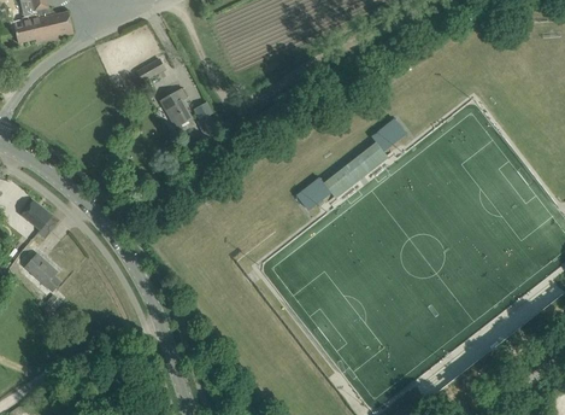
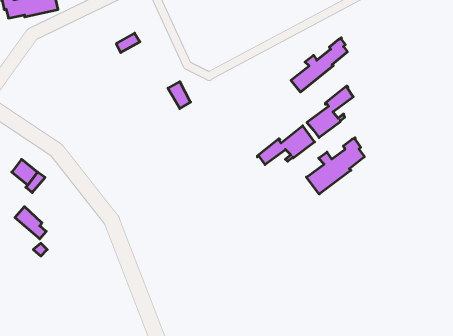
building: none -> [291,38,347,92]
building: [158,87,194,131] -> none
building: none -> [306,138,364,194]

